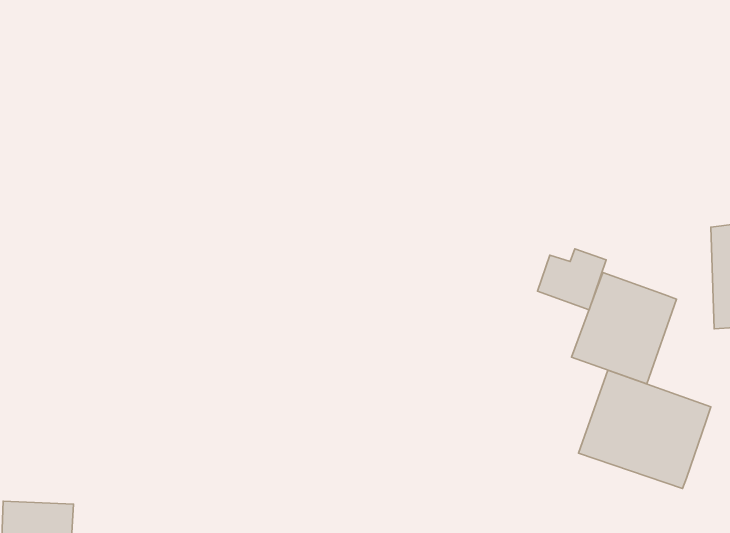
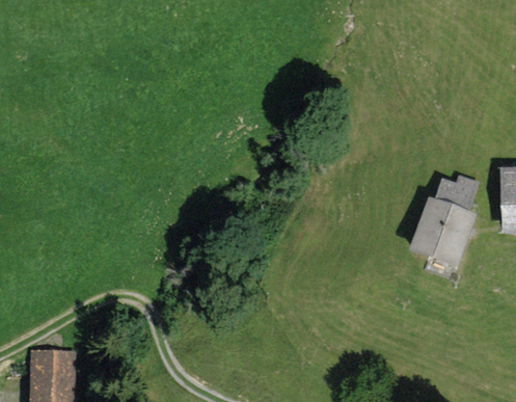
building: [537,249,606,310] -> [434,171,480,212]
building: [579,370,711,488] -> none

